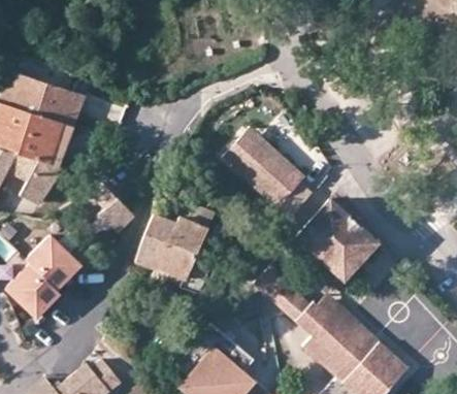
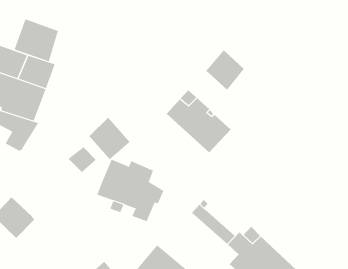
building: none -> [14,18,59,62]
building: none -> [205,50,245,90]
building: none -> [89,117,131,160]
building: [298,201,378,278] -> none
building: [26,235,79,288] -> none

